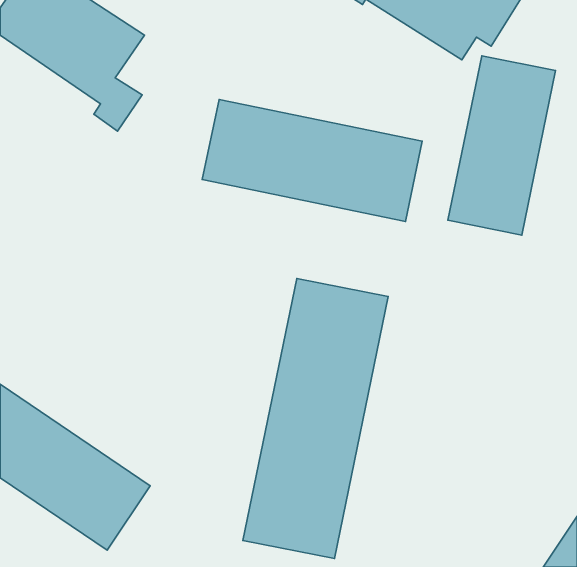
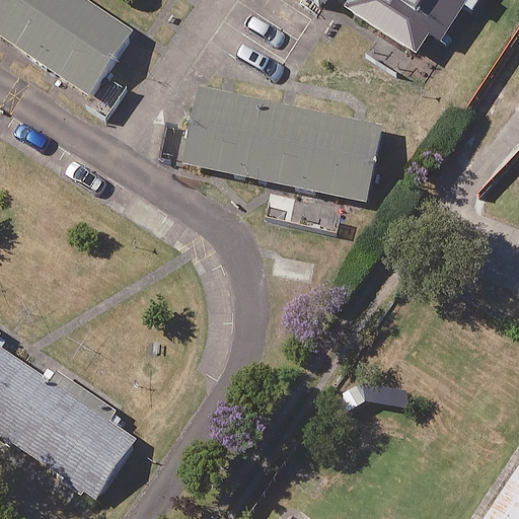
building: [448,56,556,235] -> none
building: [243,278,388,559] -> none

